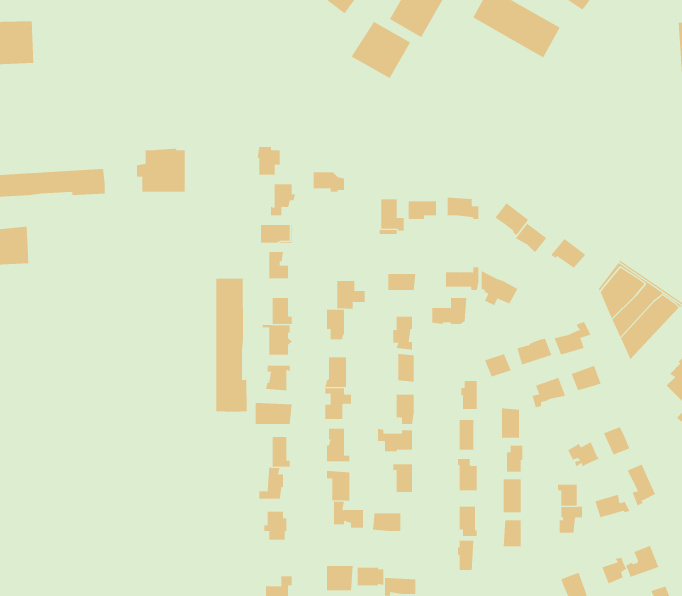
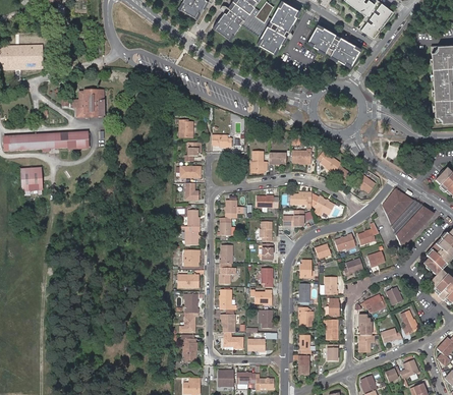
building: [351,21,411,79] -> none
building: [136,148,186,192] -> [73,90,103,116]
building: [216,278,247,412] -> none

